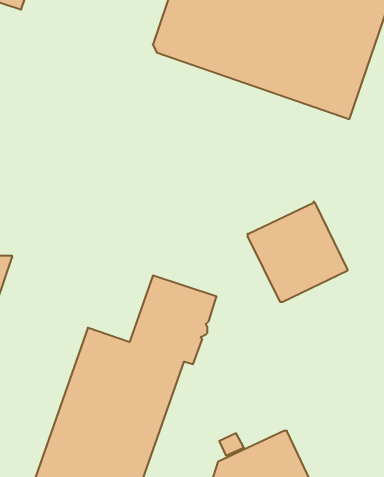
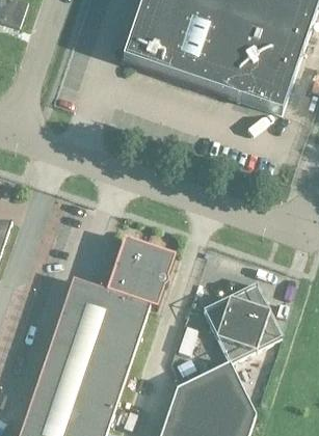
building: [247,201,348,302] -> [203,281,283,361]

